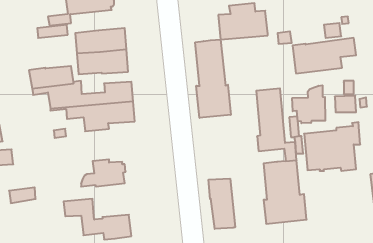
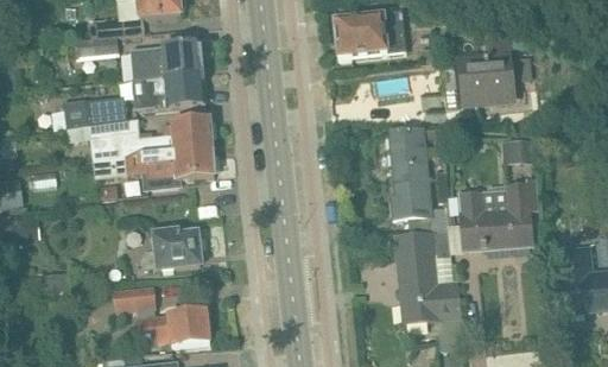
building: [195,40,231,118] -> none
building: [292,85,325,123] -> none
building: [209,179,235,229] -> none

